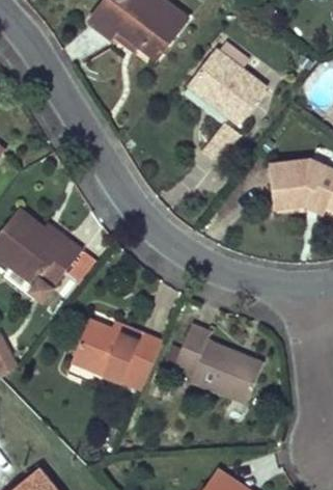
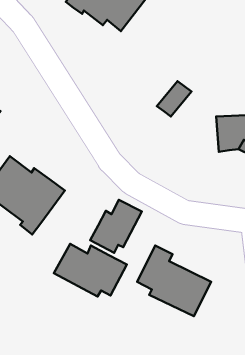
building: [186,47,266,124] -> none
building: none -> [90,200,142,253]

